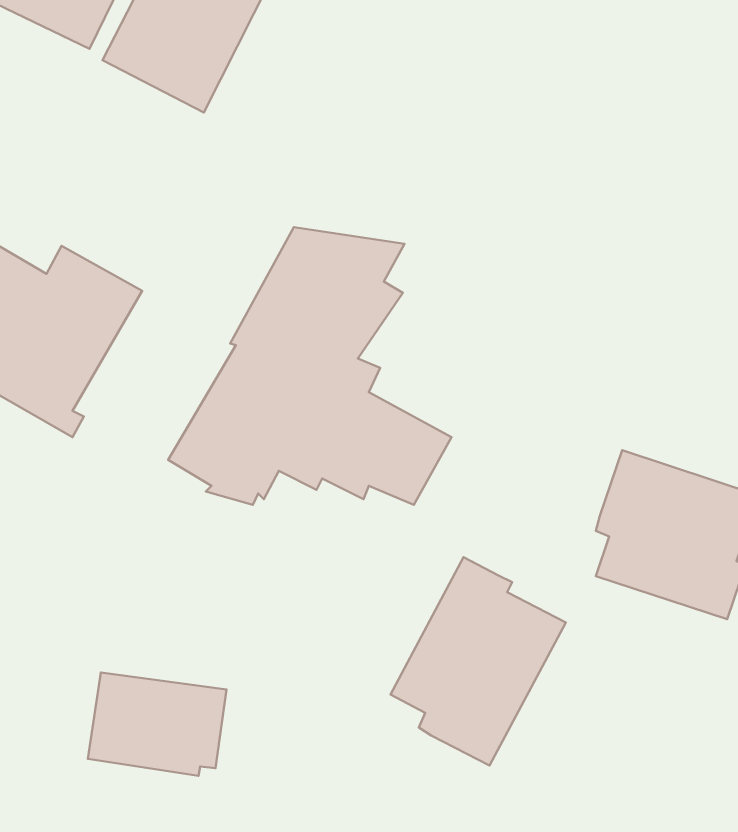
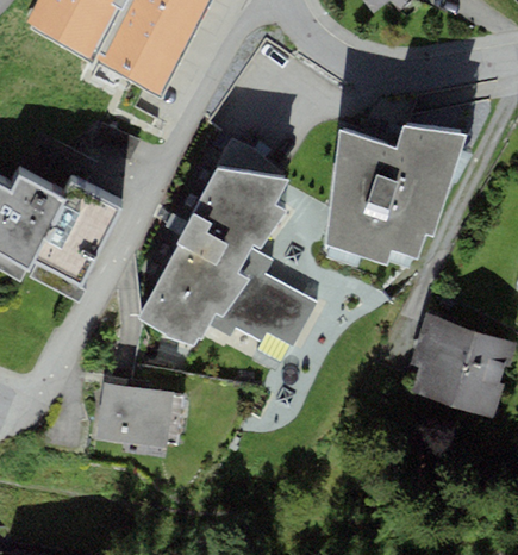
building: none -> [324,124,464,263]
building: [391,557,566,766] -> none
building: [88,673,227,776] -> [94,381,182,447]

